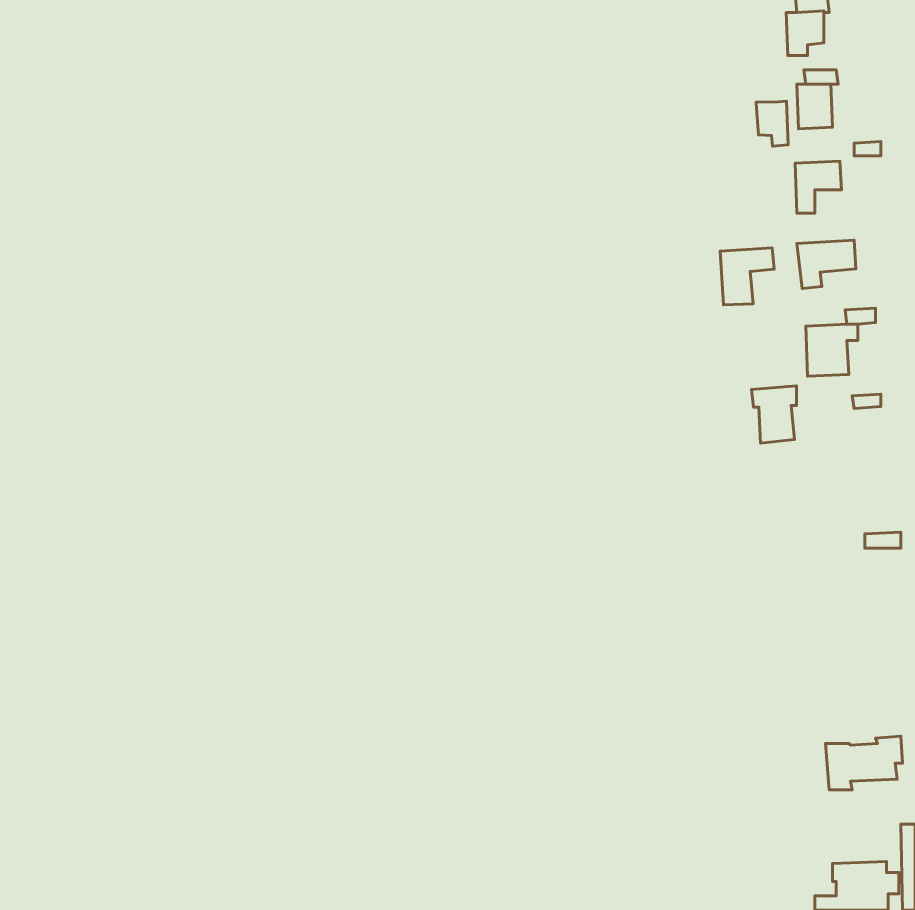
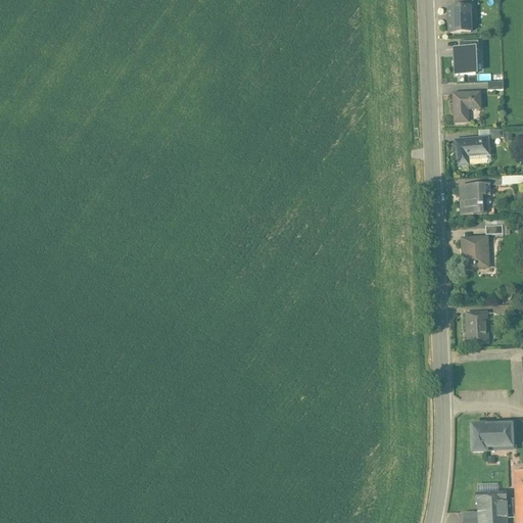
building: [756,101,788,146] -> none
building: [720,248,774,305] -> none
building: [752,386,796,443] -> [463,236,488,269]
building: none -> [467,312,488,341]

